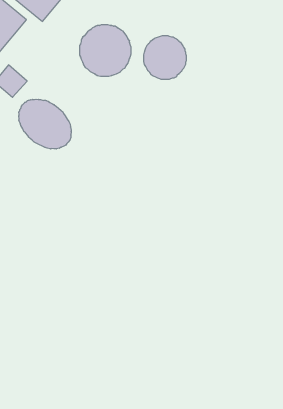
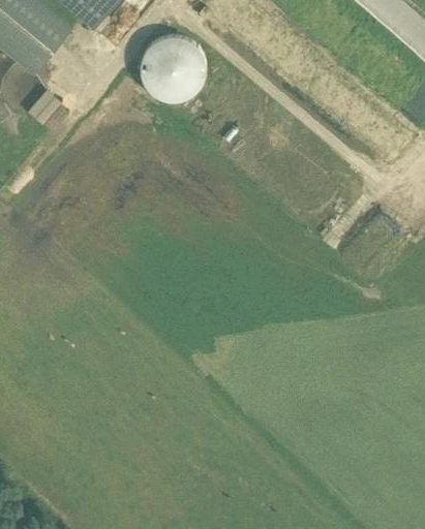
building: [144,36,186,79] -> none
building: [19,99,71,149] -> none

